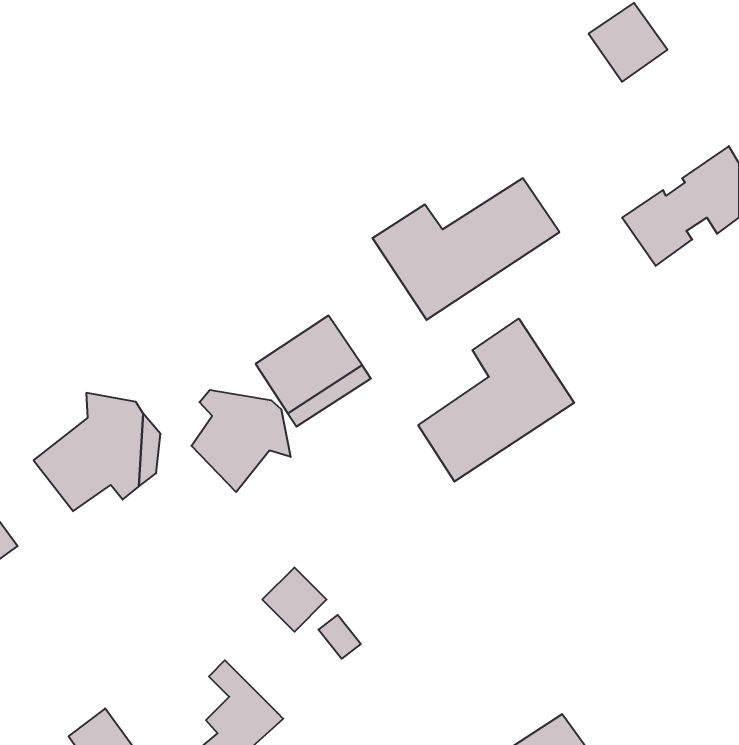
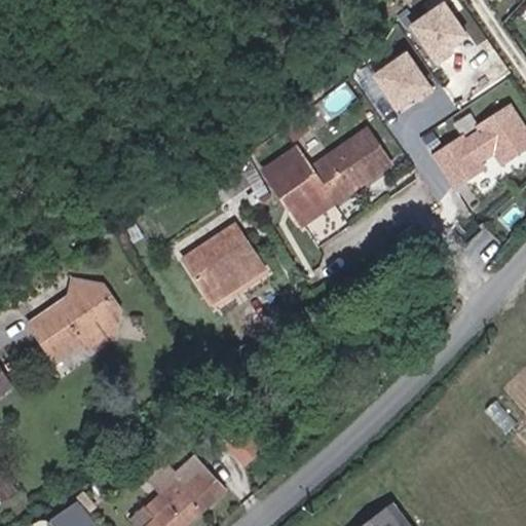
building: none -> [376,52,435,111]
building: [418,319,574,482] -> none
building: [191,390,291,492] -> none
building: [262,567,327,632] -> [173,457,218,502]

